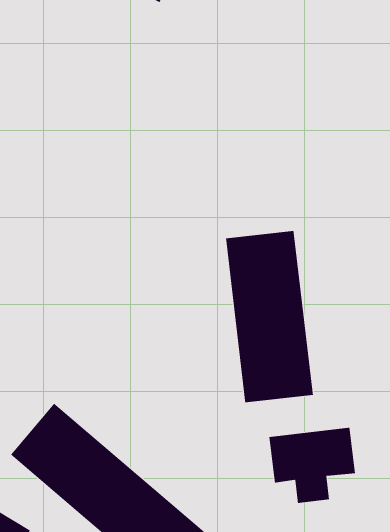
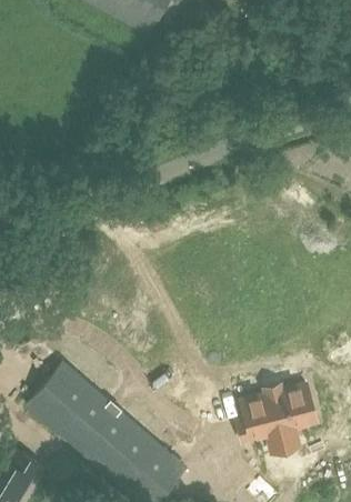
building: [225,230,313,403] -> none

